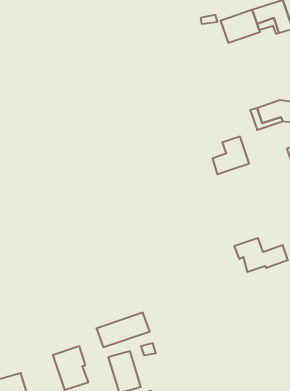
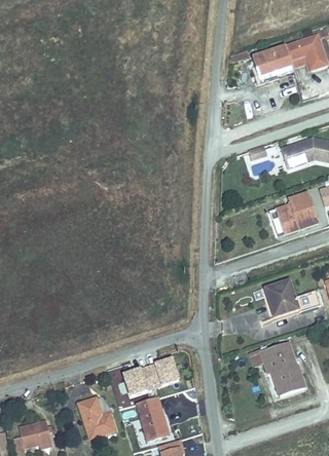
building: [212,137,249,174] -> [278,191,316,230]
building: none -> [252,343,307,395]

